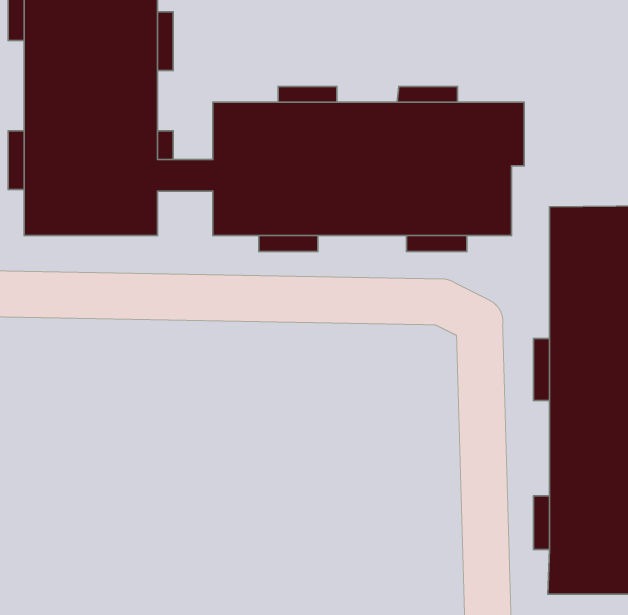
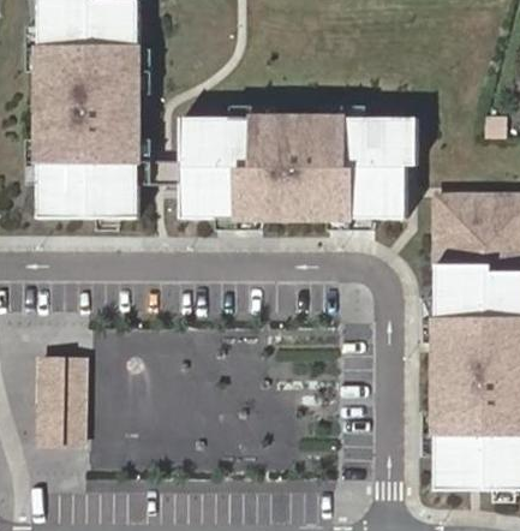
building: none -> [37,357,82,443]

